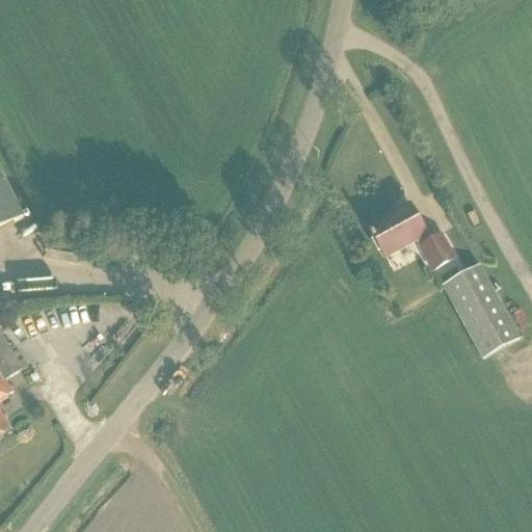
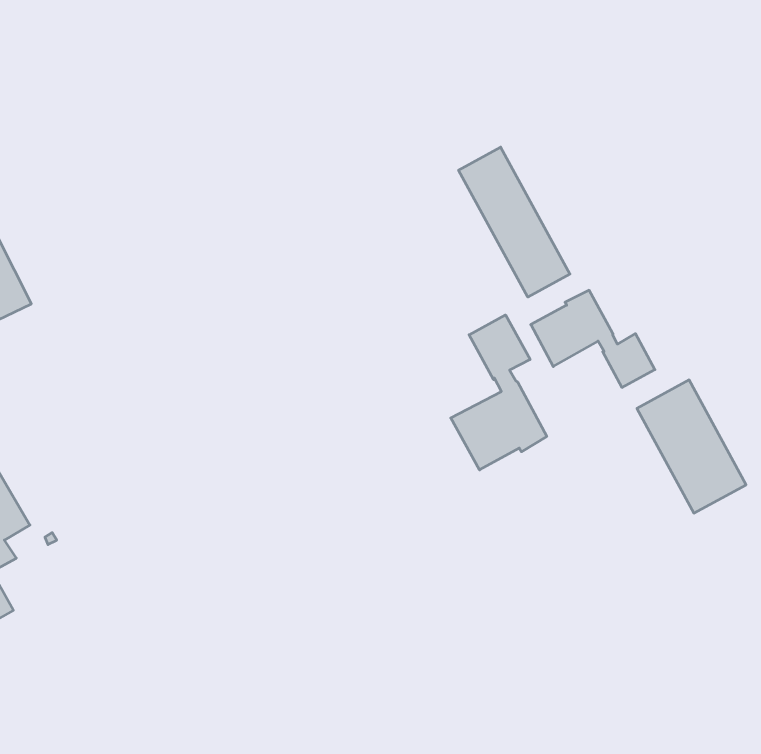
building: none -> [459,147,570,297]
building: none -> [451,315,547,470]

